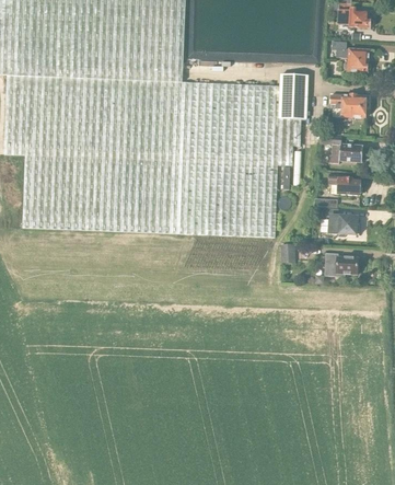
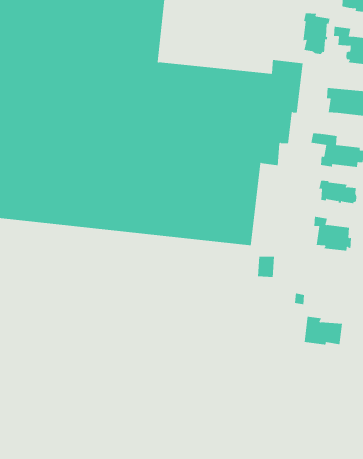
building: none -> [303,12,330,55]
building: [325,253,358,277] -> [304,316,343,345]

